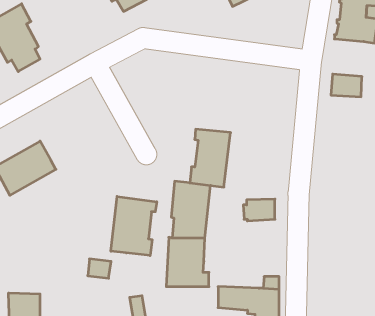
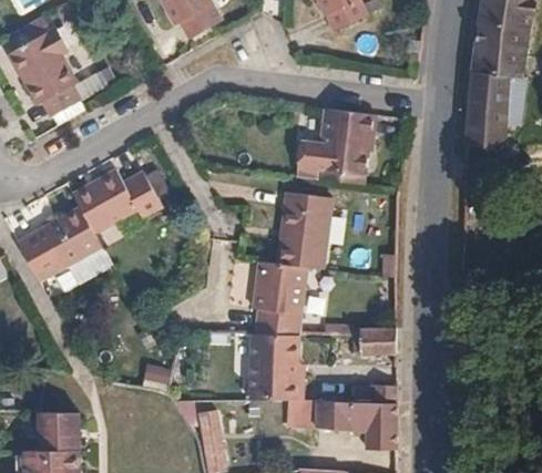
building: none -> [467,73,508,123]
building: none -> [299,109,375,175]
building: none -> [71,169,161,234]
building: [111,196,157,256] -> none
building: [243,199,275,221] -> [354,329,396,358]

